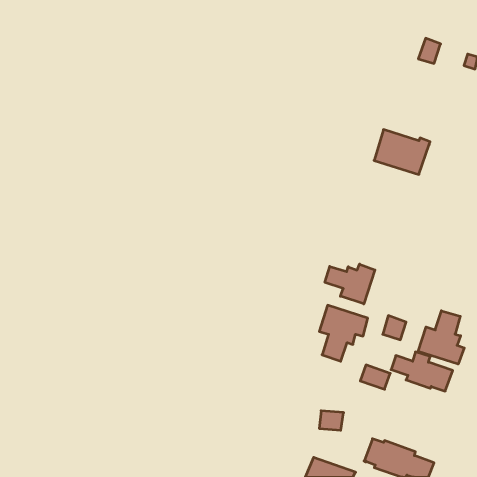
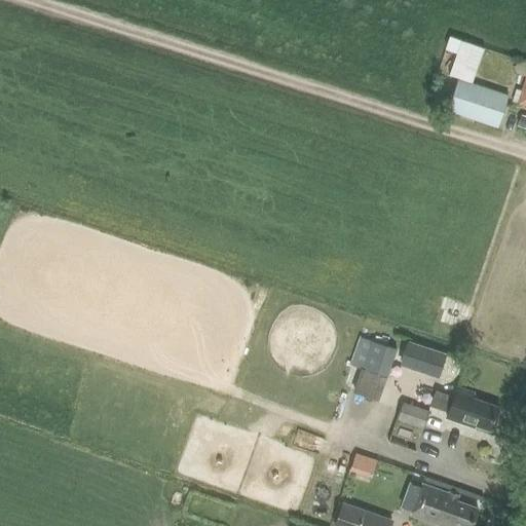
building: [374,130,430,174] -> [448,78,510,127]
building: [325,264,375,304] -> none
building: [418,311,464,364] -> none

